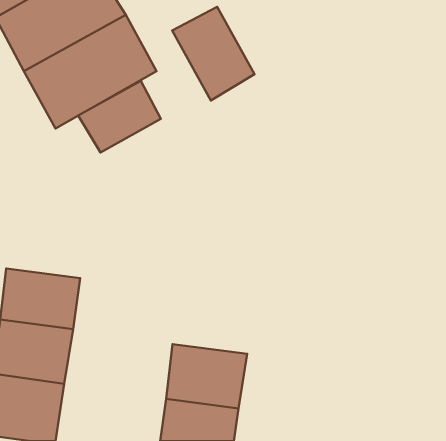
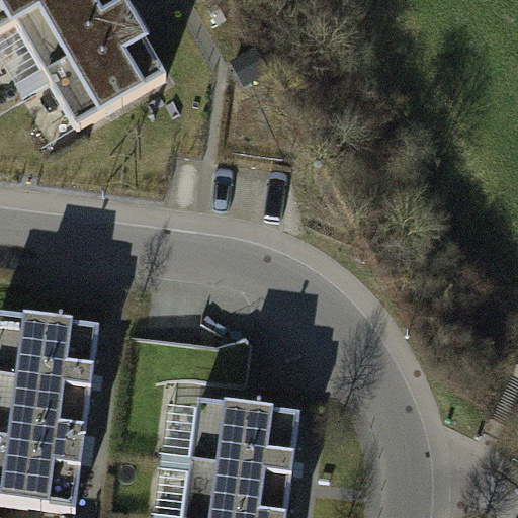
building: [172,7,255,100] -> none
building: [78,81,161,153] -> none

